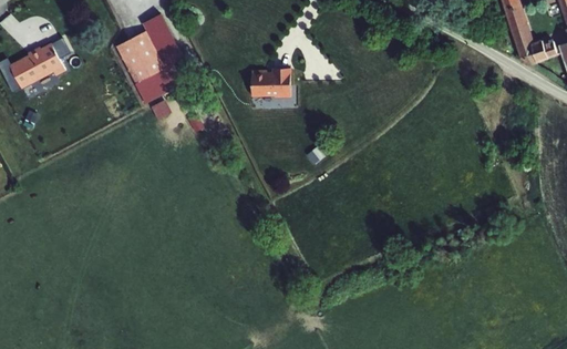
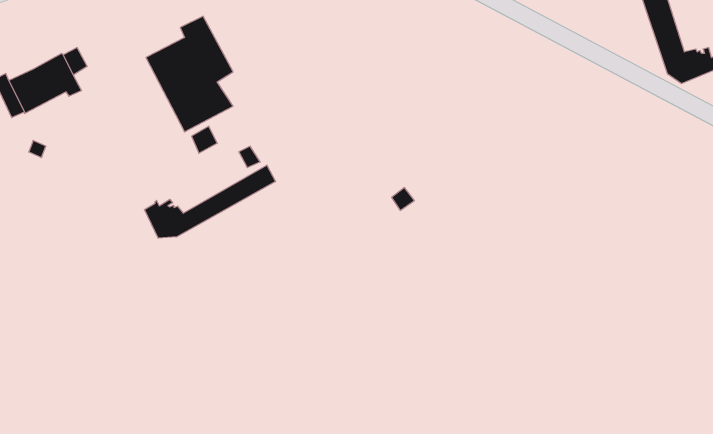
building: [251,68,291,99] -> none
building: none -> [144,165,276,238]

